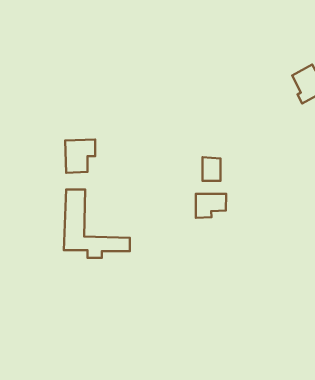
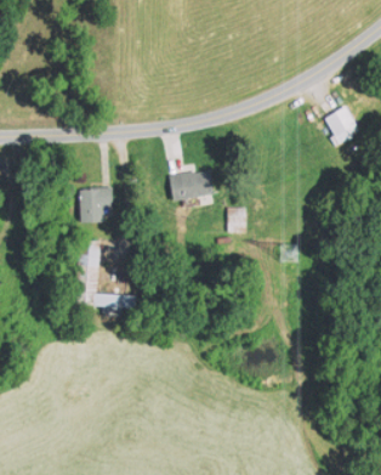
building: none -> [169,171,214,202]
building: [196,194,226,218] -> none

